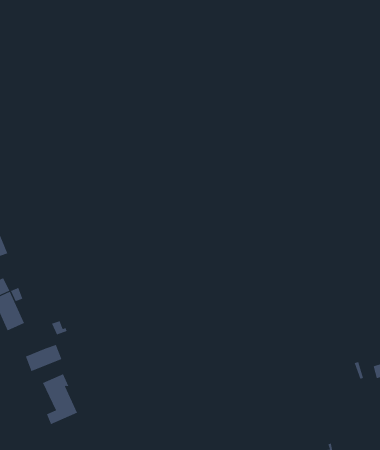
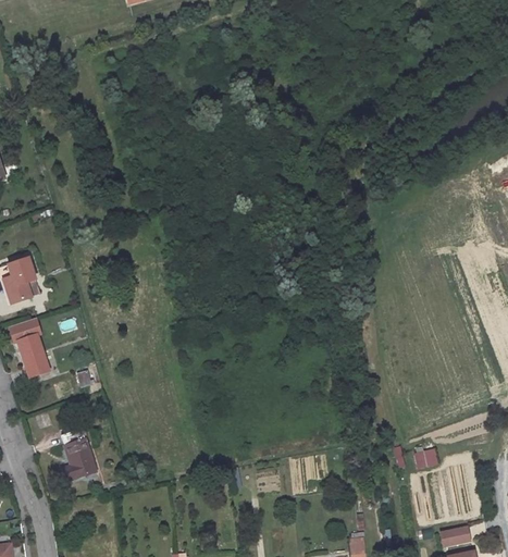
building: [25,344,62,372] -> none

